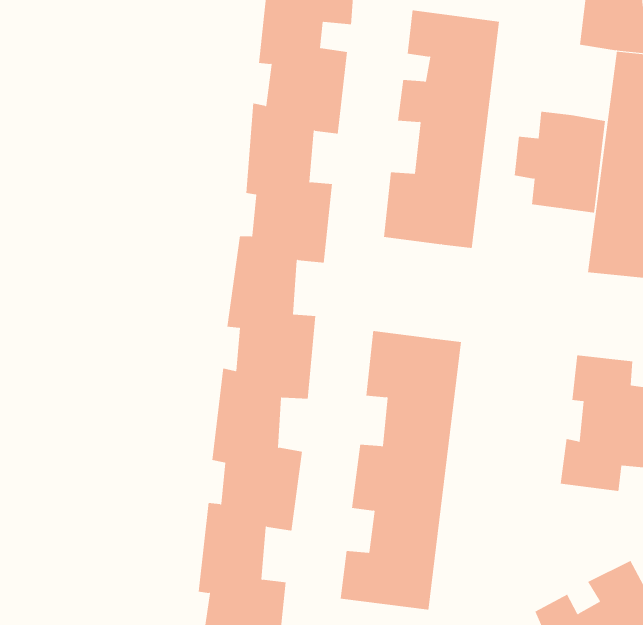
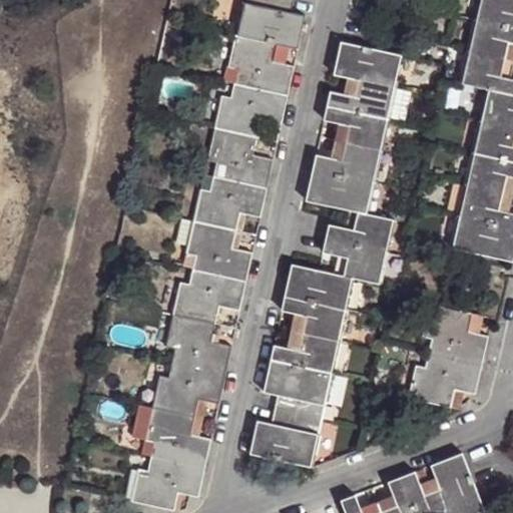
building: [514,111,606,213] -> [322,211,392,289]

